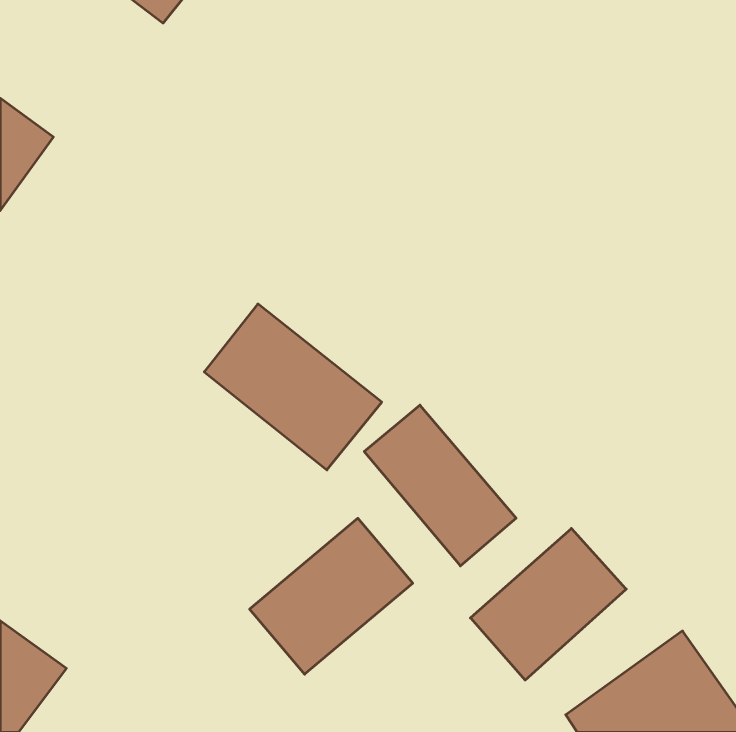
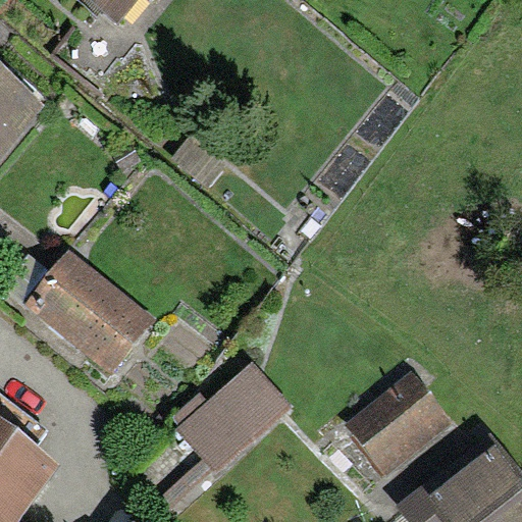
building: [204,304,382,470] -> [31,255,156,372]
building: [364,405,516,566] -> none

